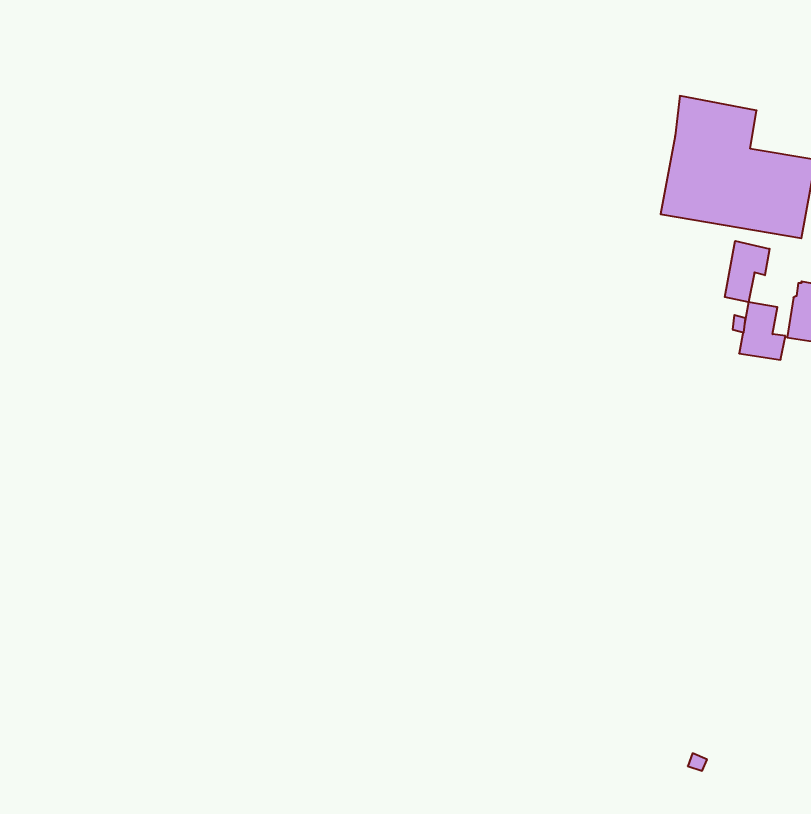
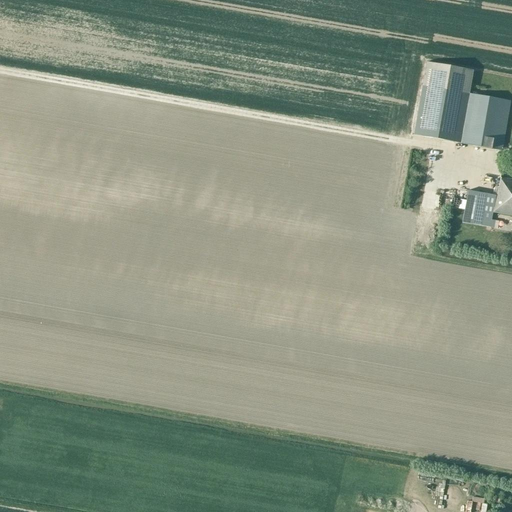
building: [725,241,770,302] -> none

